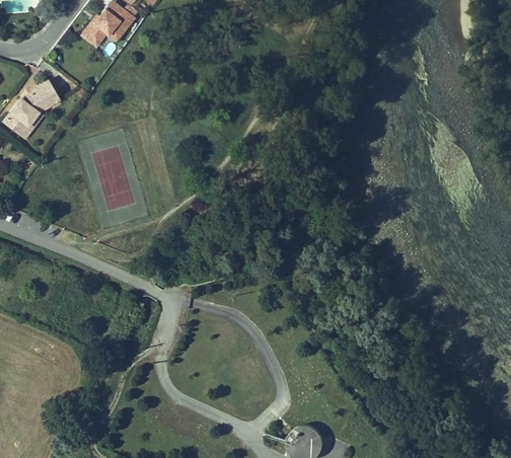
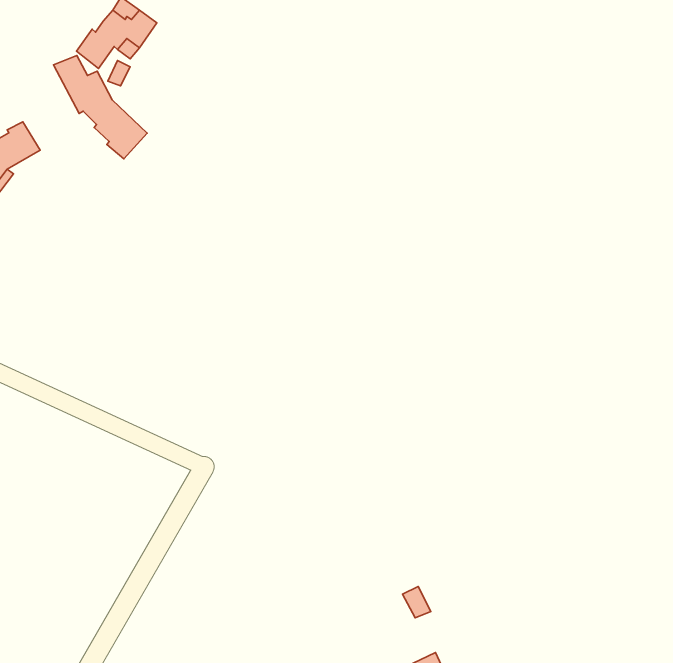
building: none -> [54,55,147,159]

